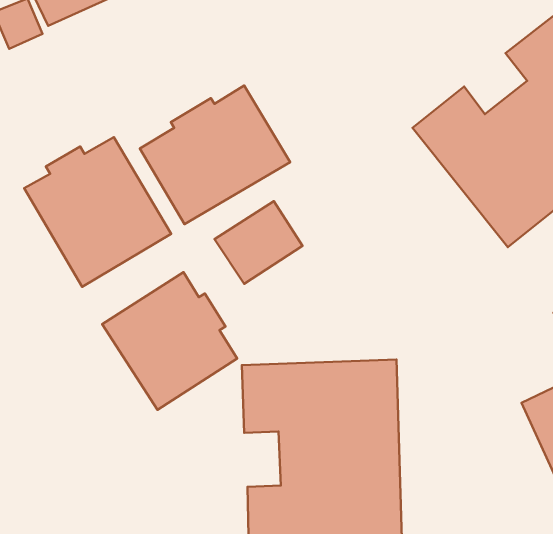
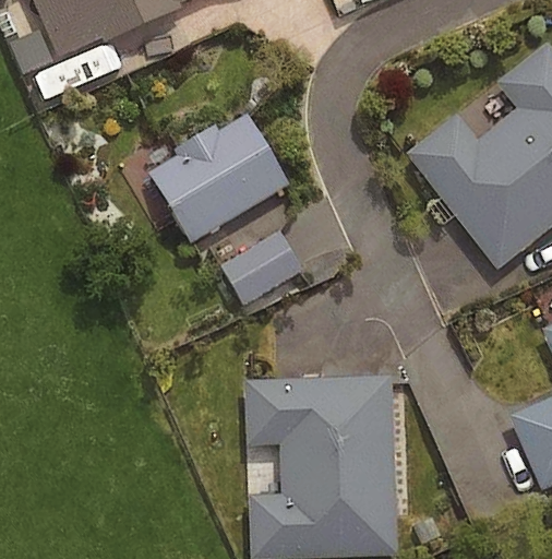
building: [24,137,171,287] -> none
building: [102,272,237,410] -> none

